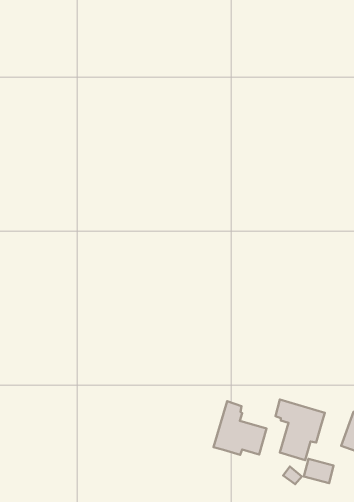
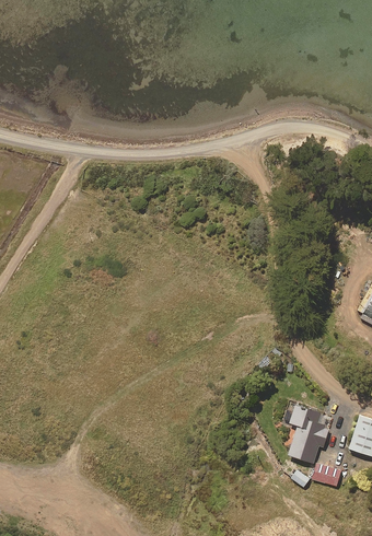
building: [214,401,266,455] -> none

